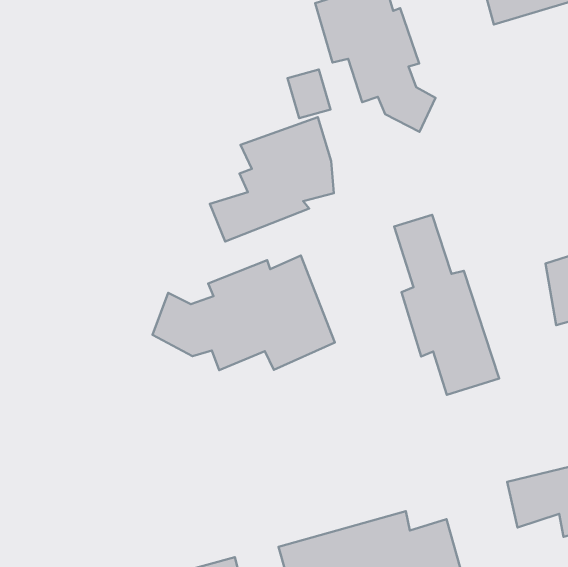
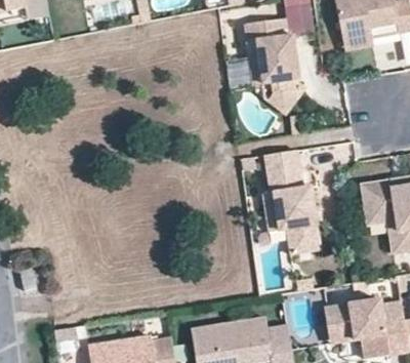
building: [210,117,334,241] -> none
building: [152,255,335,370] -> none

